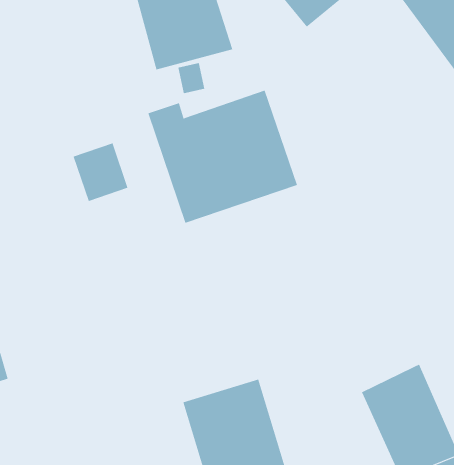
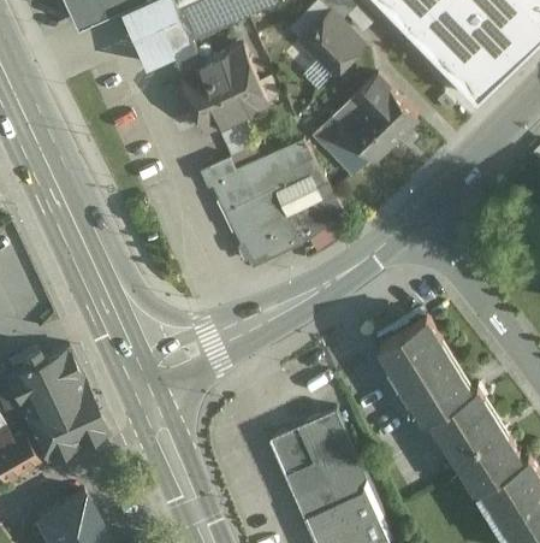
building: none -> [310,78,413,178]
building: [73,143,128,202] -> none
building: none -> [373,297,468,402]

